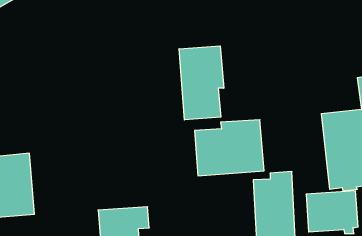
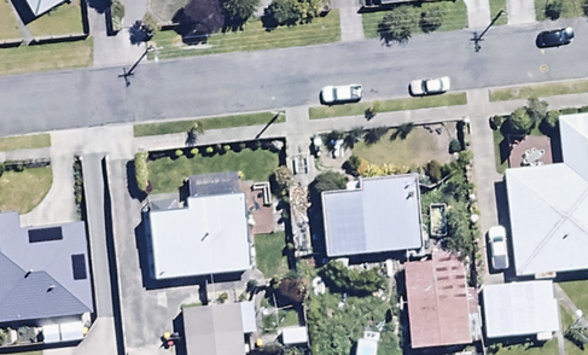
building: [179,46,224,120] -> none
building: none -> [150,191,256,278]

